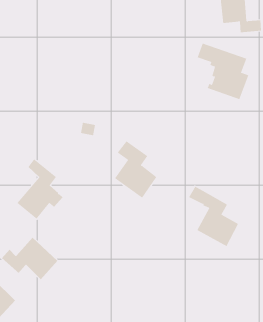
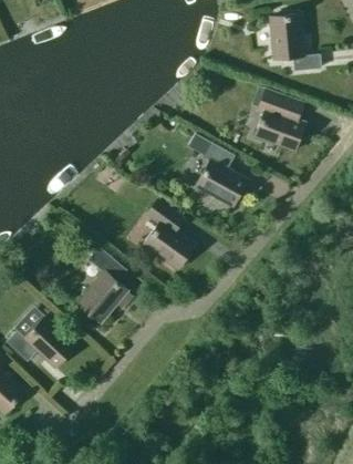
building: [17,159,63,219] -> [76,250,133,323]
building: [188,186,239,247] -> [186,134,247,207]

